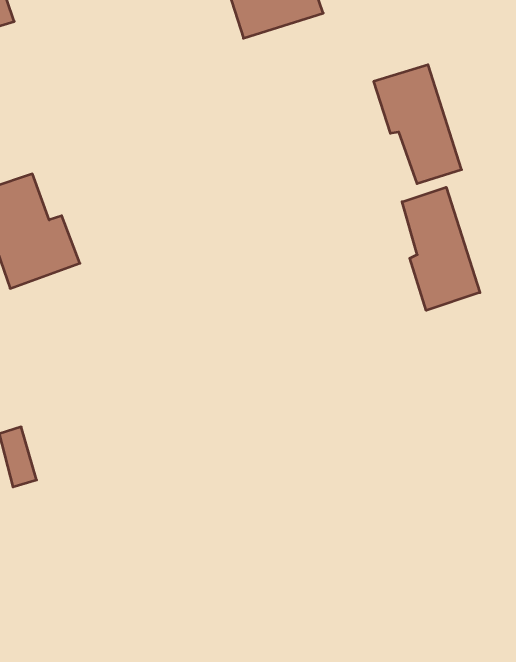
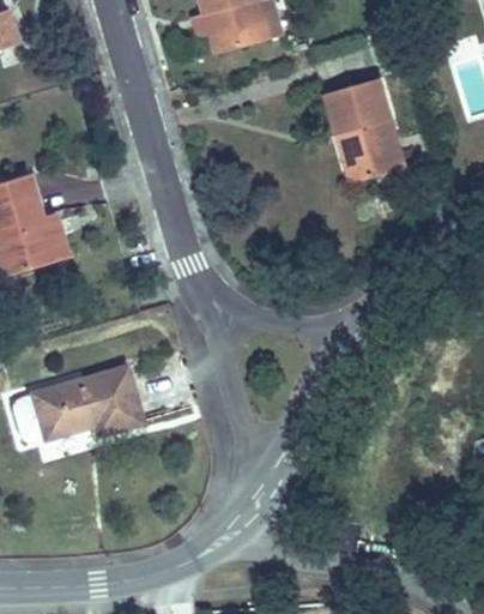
building: [402,187,480,310] -> none
building: none -> [32,363,140,437]

